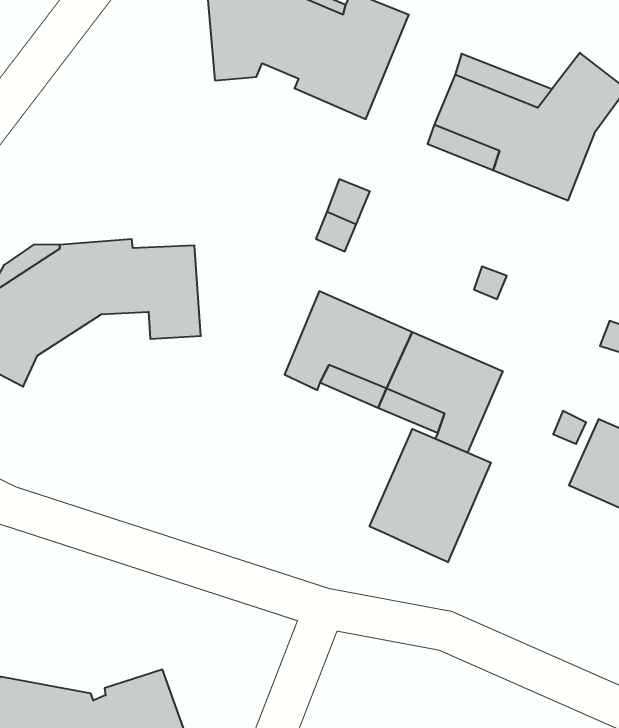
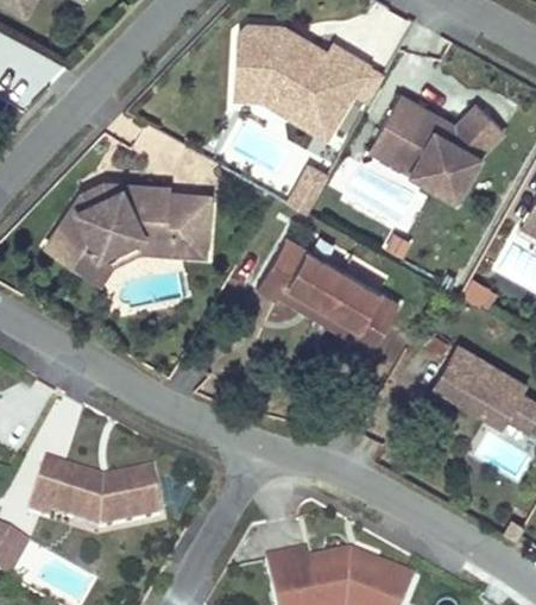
building: none -> [234,83,330,137]
building: none -> [84,233,172,283]
building: [370,429,491,562] -> none

